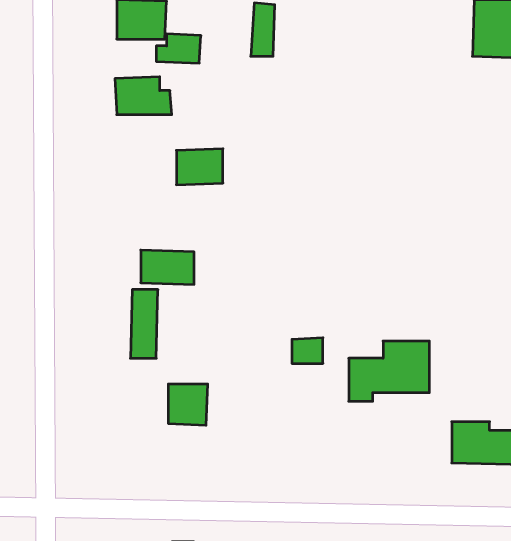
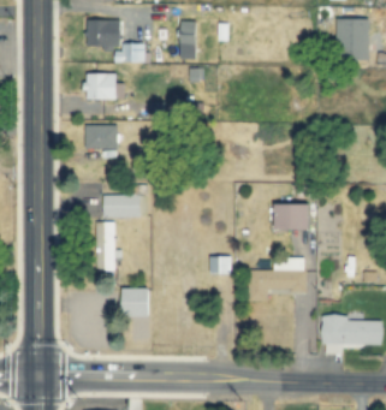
building: [176,149,223,185] -> [85,125,118,150]
building: none -> [275,204,309,231]

